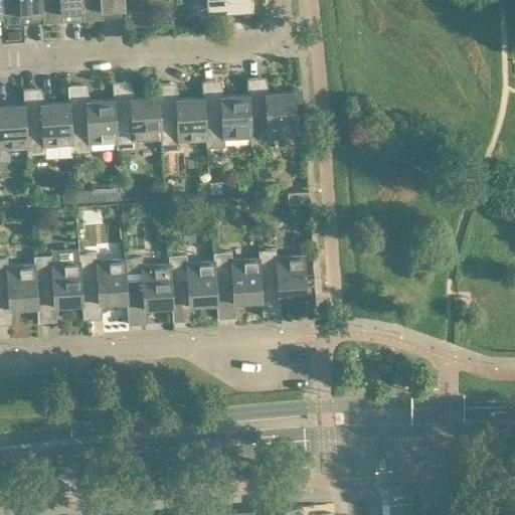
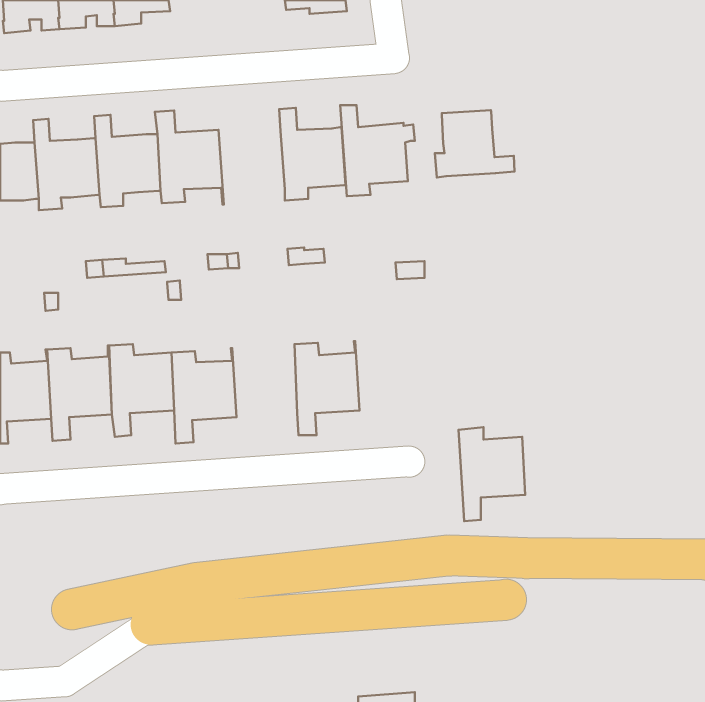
building: none -> [435,110,515,178]
building: [160,84,208,152] -> none
building: [260,249,308,318] -> [459,427,525,521]
building: [170,253,217,323] -> none

